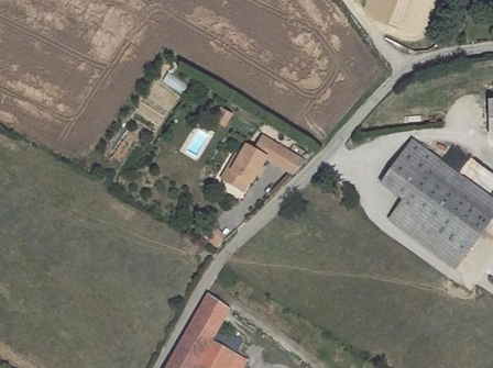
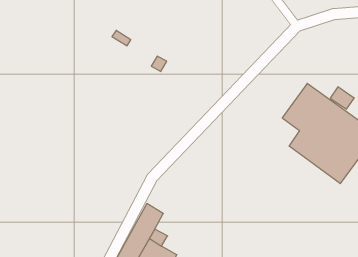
building: [232,138,306,192] -> none

